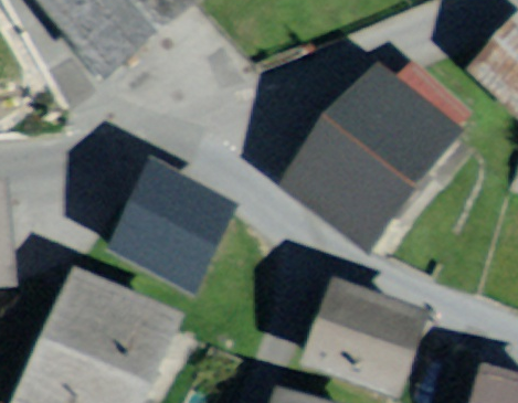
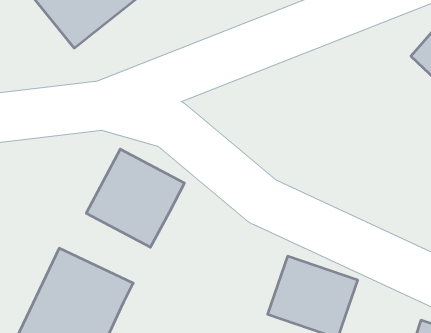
building: [296,78,447,240] -> none

